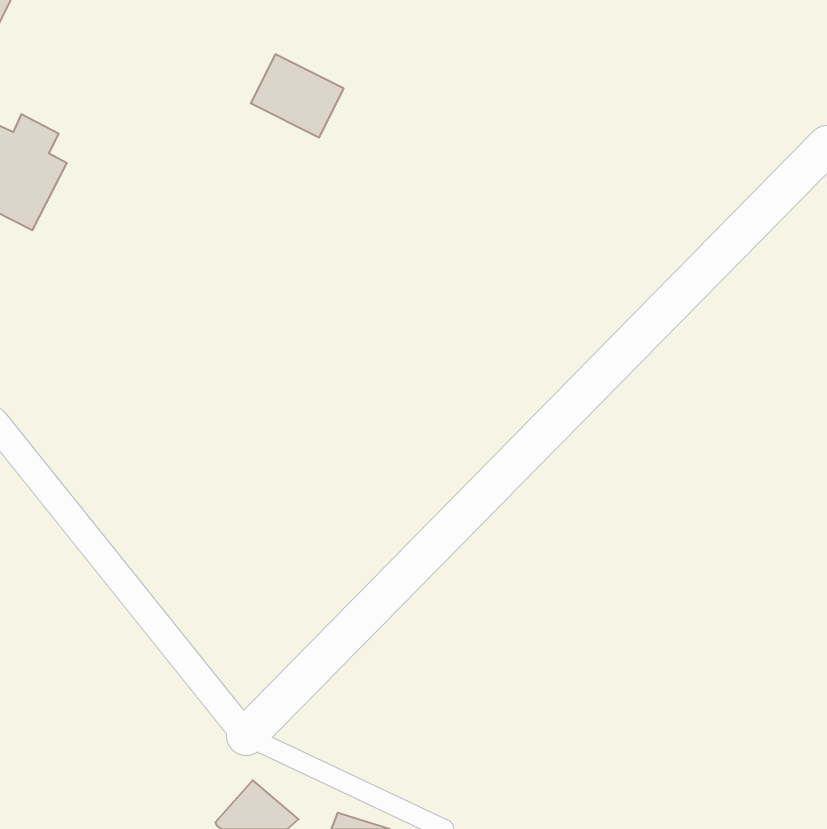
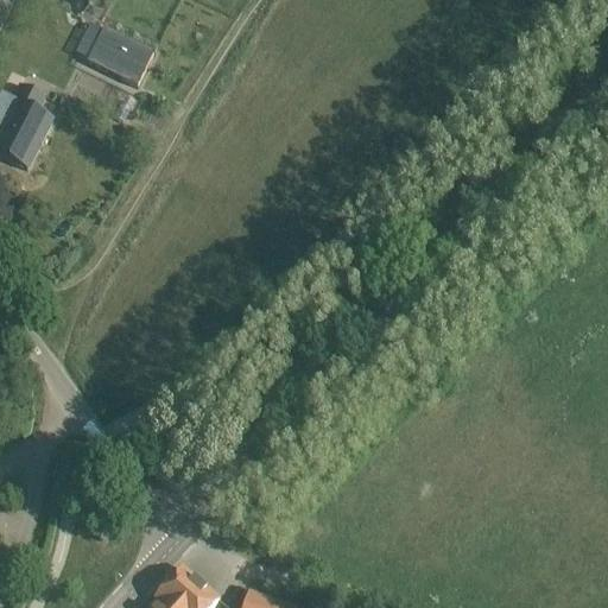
building: [251,54,344,137] -> [82,26,150,87]

